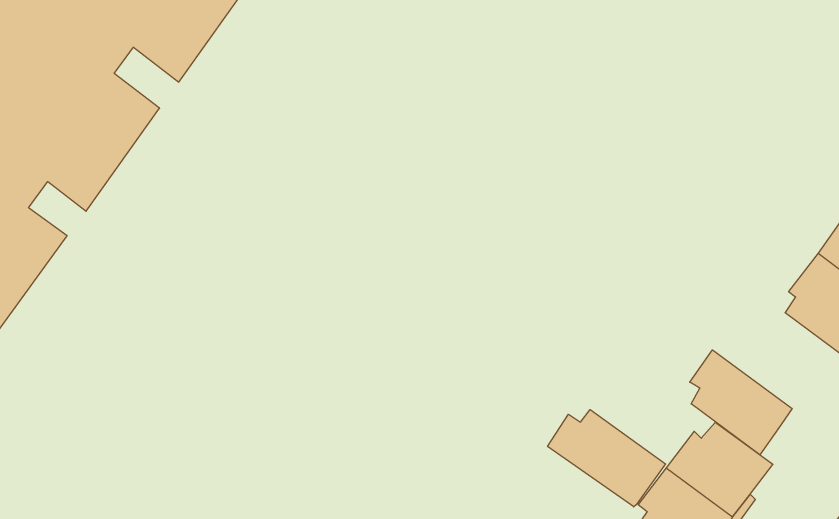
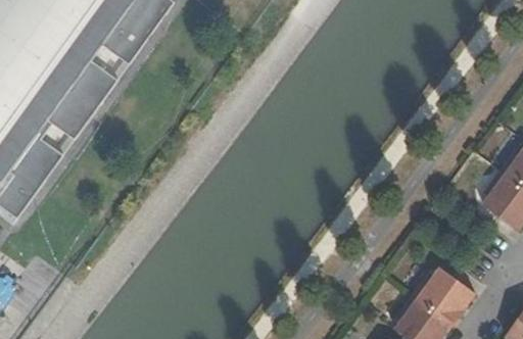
building: [690,350,792,455] -> none
building: [548,410,666,507] -> none

